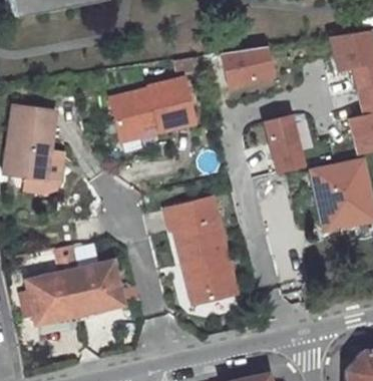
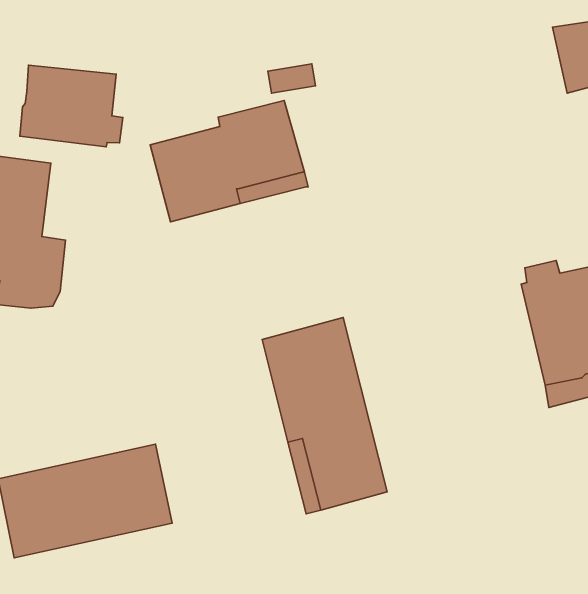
building: [219,45,273,85] -> none
building: none -> [20,65,123,147]
building: [267,117,303,174] -> none

